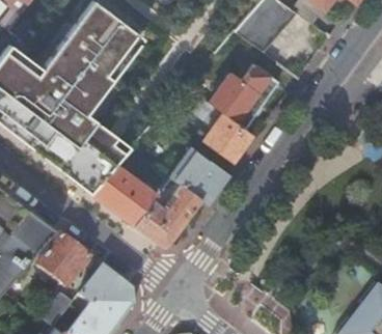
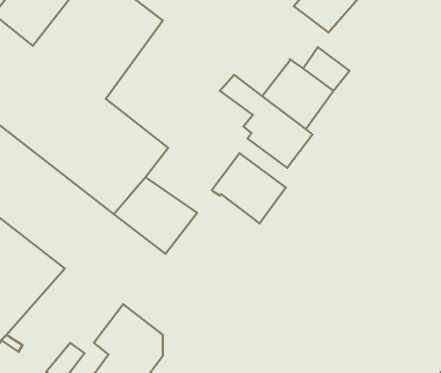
building: [134,177,202,247] -> none
building: [36,235,88,287] -> none

